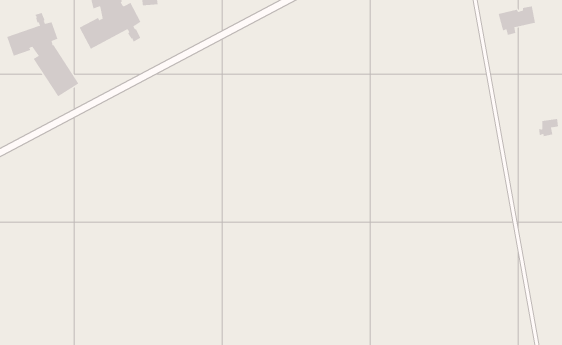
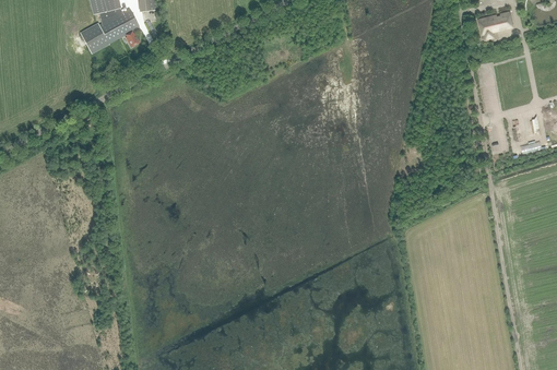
building: [7,12,79,97] -> none

